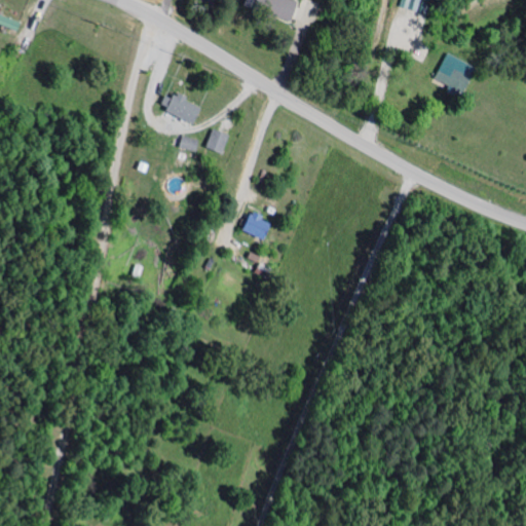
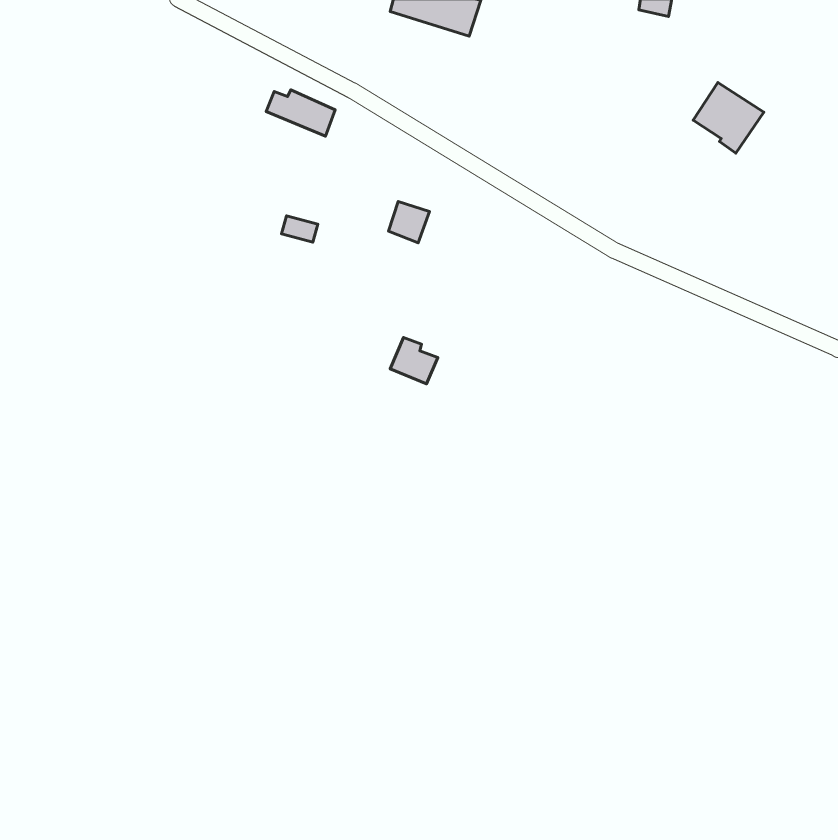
building: [158,93,201,122] -> [266,90,335,136]
building: [203,127,229,153] -> [388,202,430,243]

